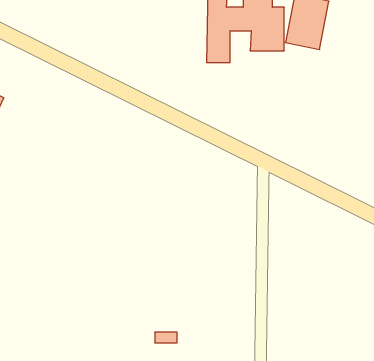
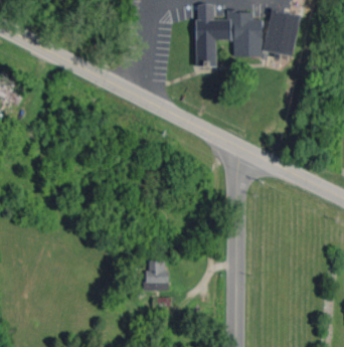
building: none -> [146,259,169,290]

